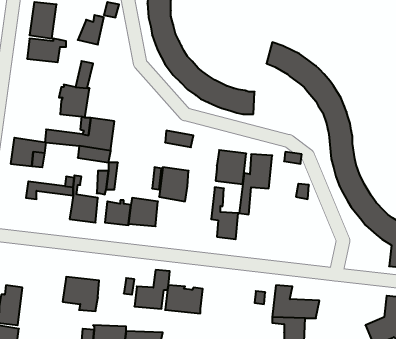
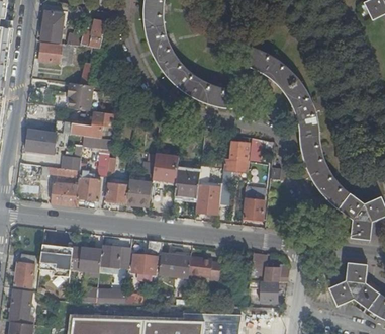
building: [216,150,246,184] -> [174,169,200,198]
building: none -> [52,182,78,206]
building: none -> [244,186,264,220]
building: none -> [38,246,69,278]
building: none -> [100,246,120,267]
building: none -> [188,256,220,280]

